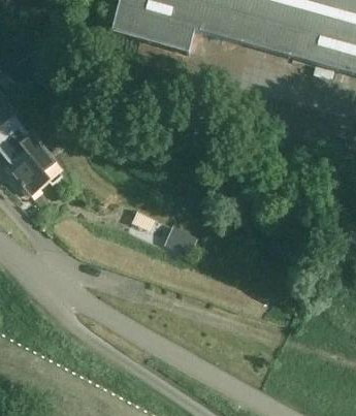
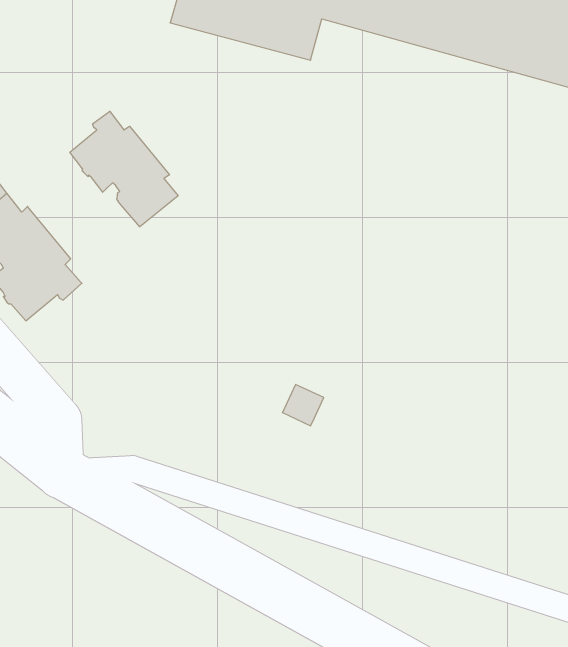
building: none -> [70,111,178,227]

